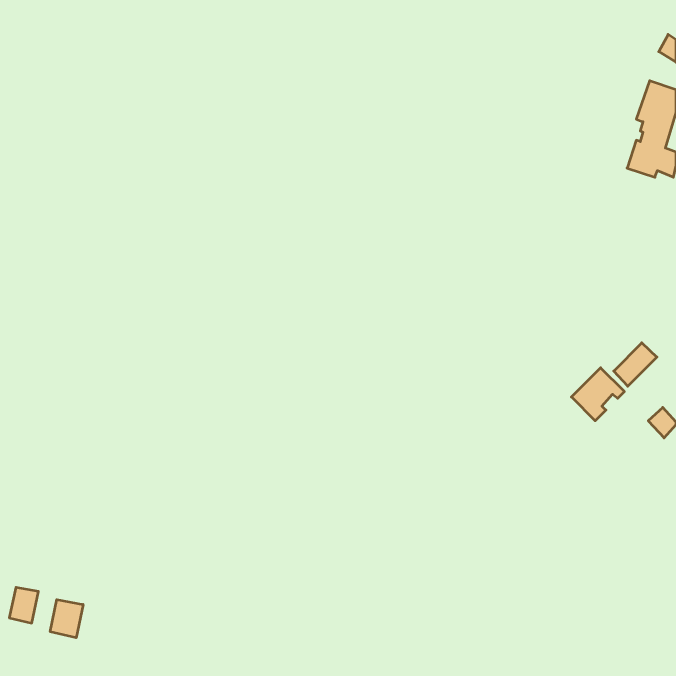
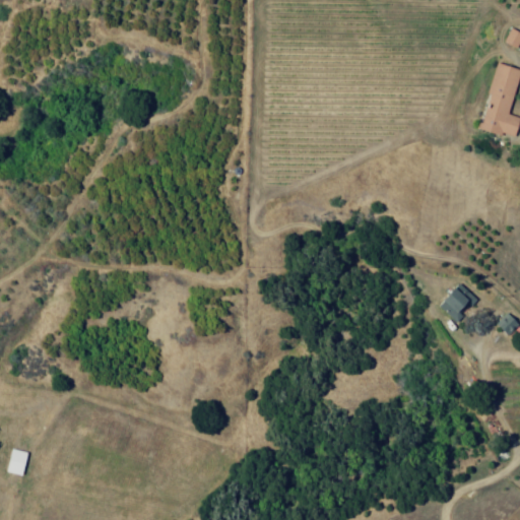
building: [614,343,657,386] -> none
building: [50,600,83,638] -> none

